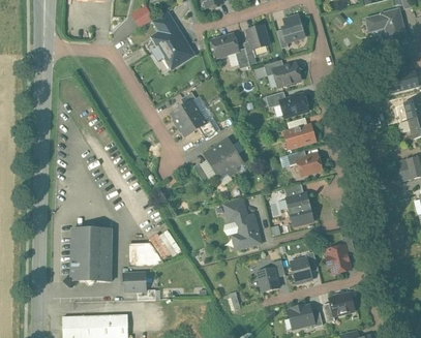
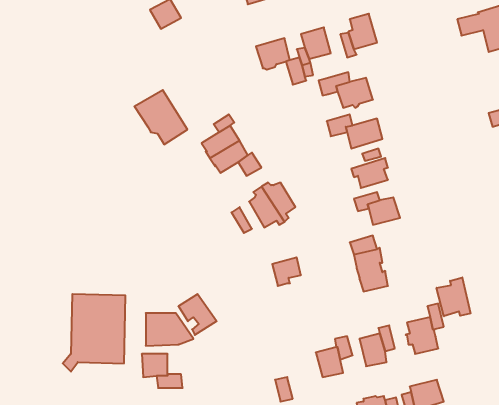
building: [152,24,192,65] -> [134,90,187,144]
building: [232,213,261,249] -> none
building: none -> [437,277,471,316]

